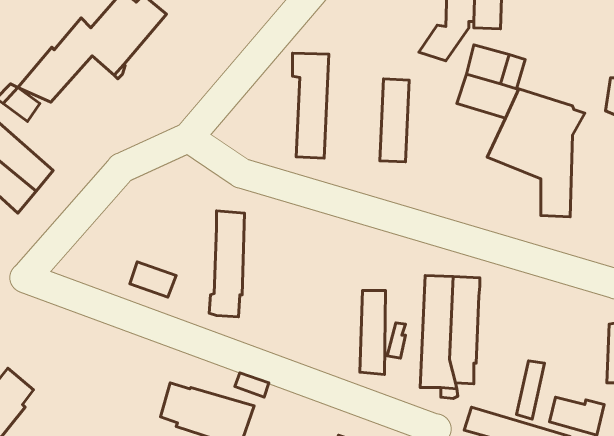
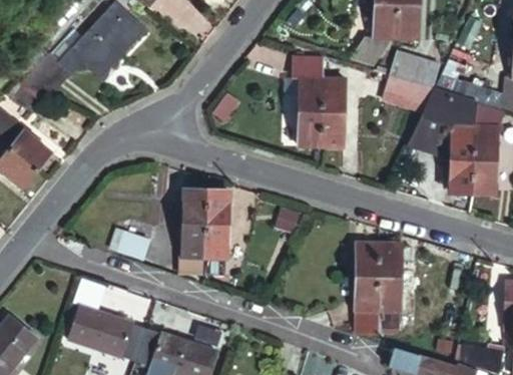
building: [292,53,329,158] -> [294,60,324,146]
building: none -> [476,107,507,194]
building: [360,290,386,375] -> [206,190,227,259]
building: none -> [72,306,147,357]

